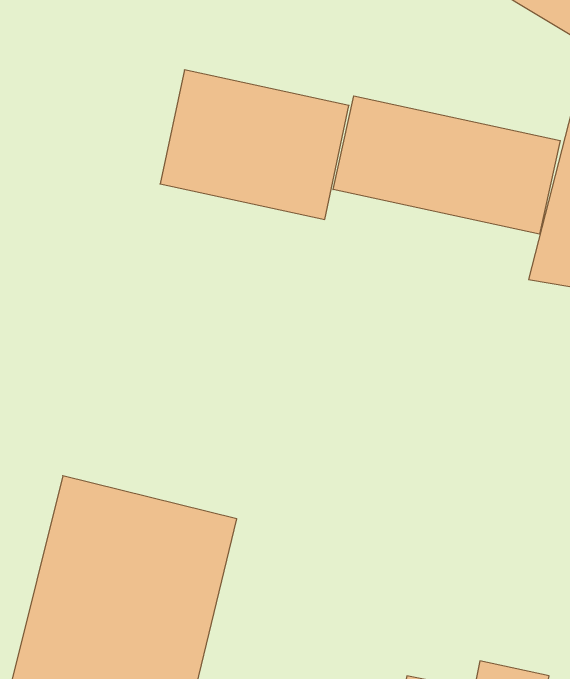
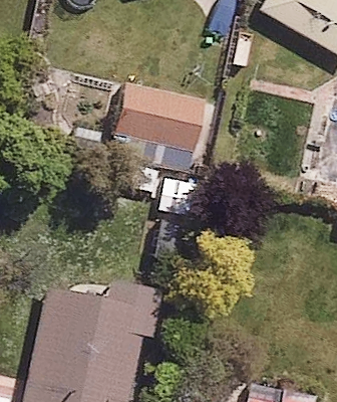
building: [333,96,560,234] -> none

